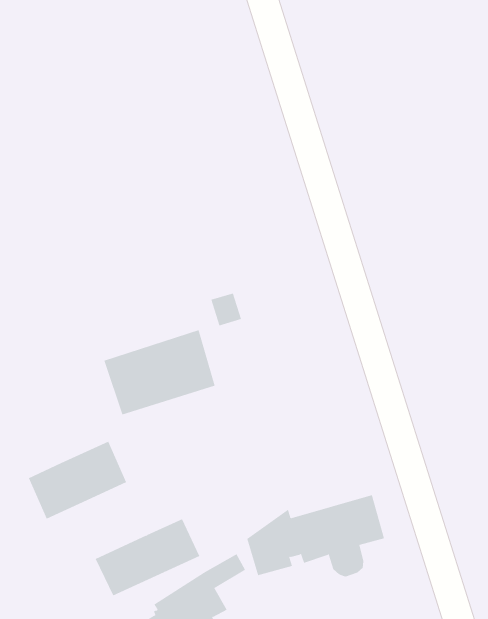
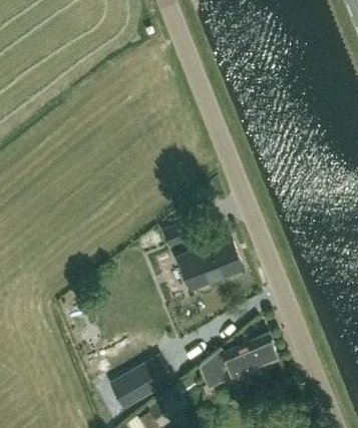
building: [103,329,216,415] -> [176,238,243,291]
building: [28,441,127,519] -> none

